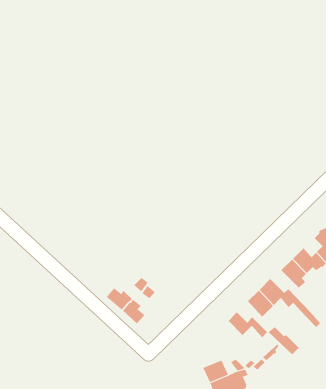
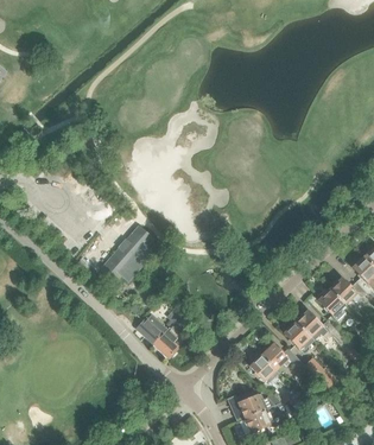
building: none -> [99,224,153,281]
building: none -> [247,351,280,383]

